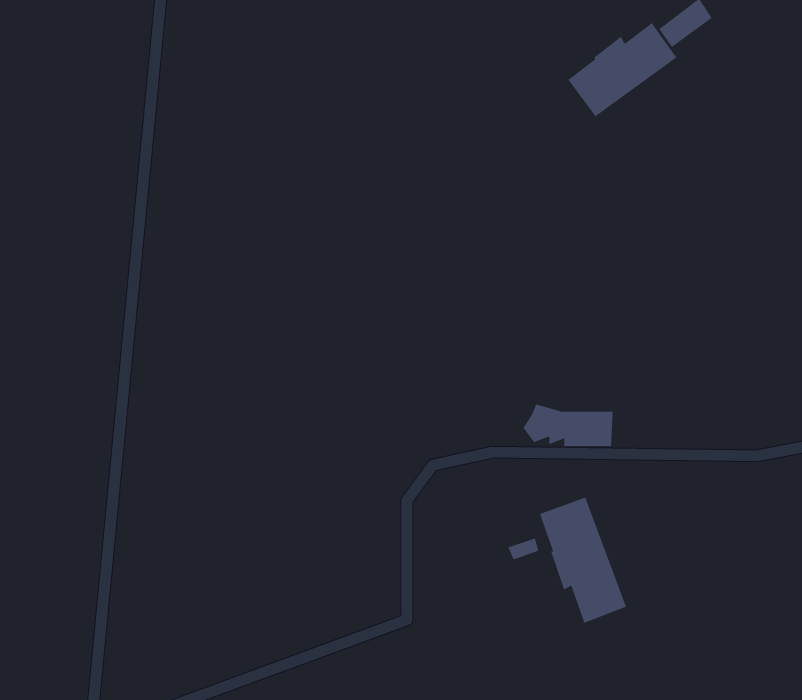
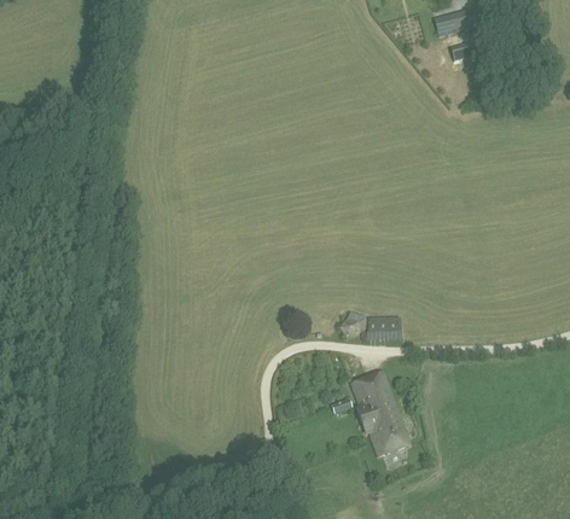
building: [567,22,677,117] -> none

